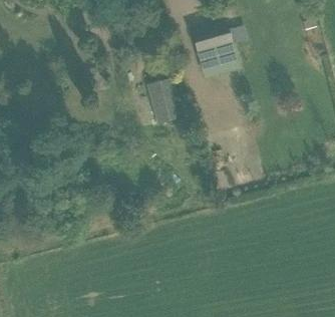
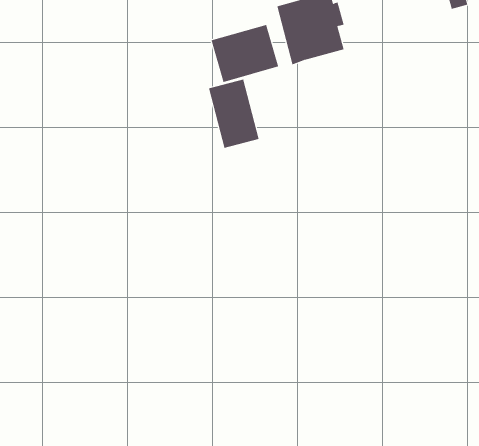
building: none -> [211,24,279,83]

